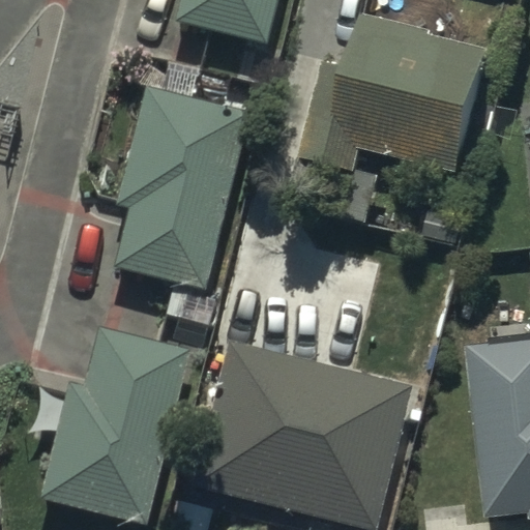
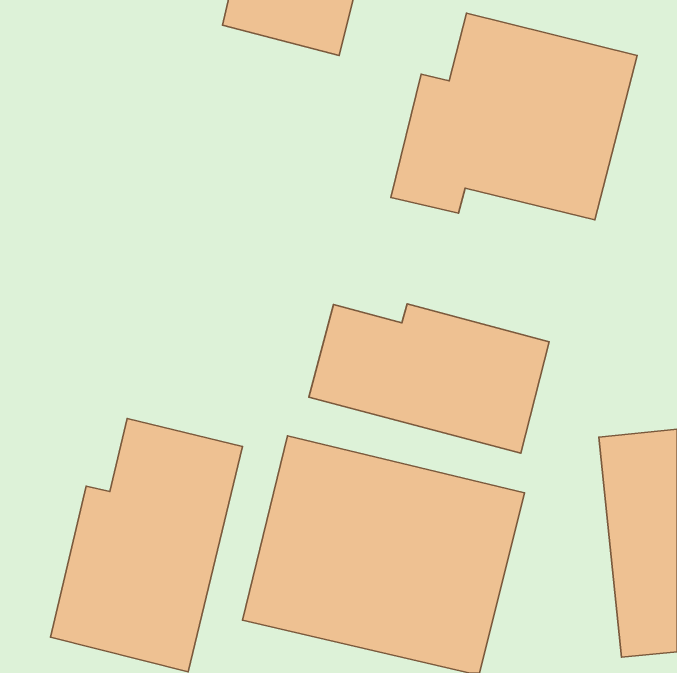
building: [112,81,252,294] -> none
building: none -> [309,304,549,453]

